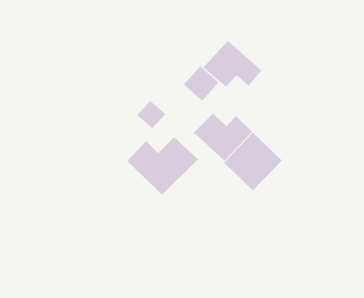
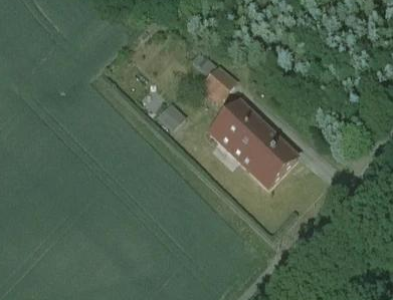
building: [202,40,262,88] -> none
building: [126,136,199,196] -> none

